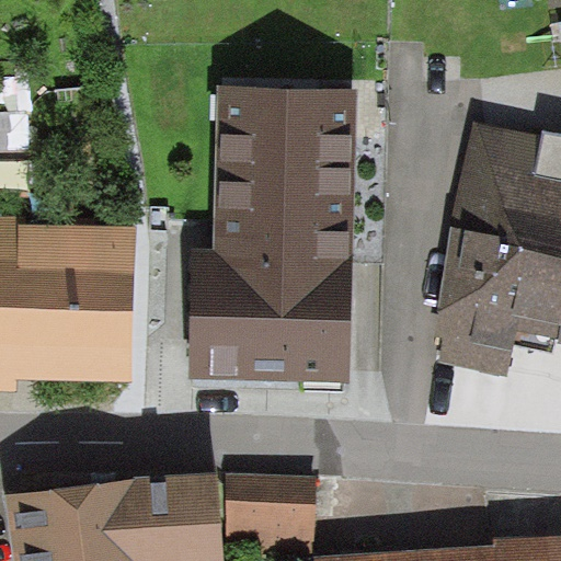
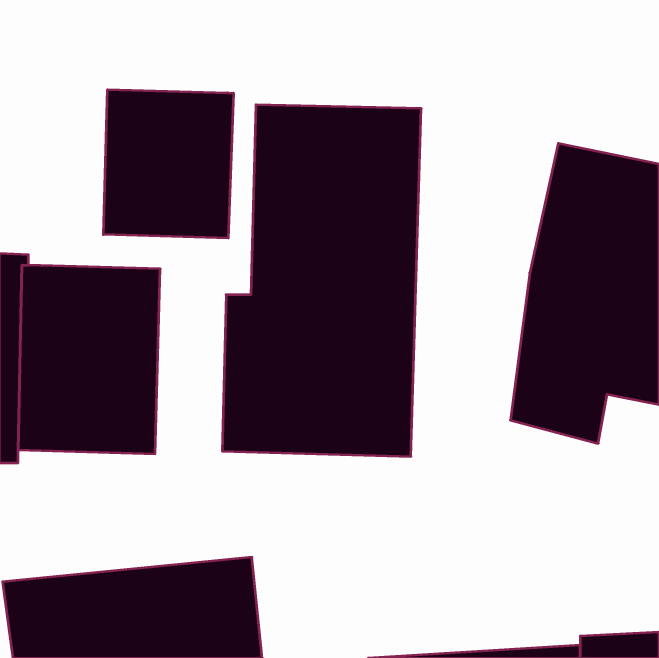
building: none -> [103,90,233,238]
building: [226,471,313,553] -> none

